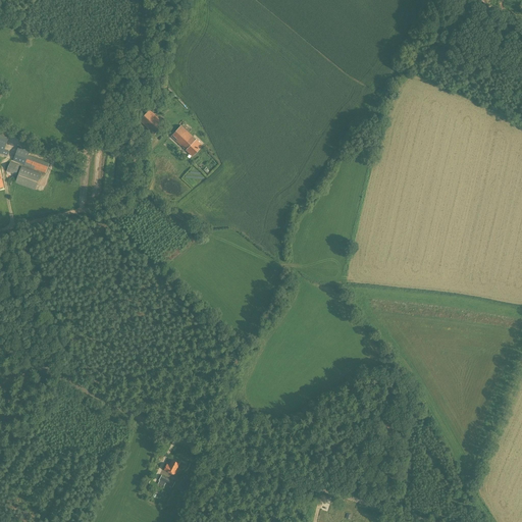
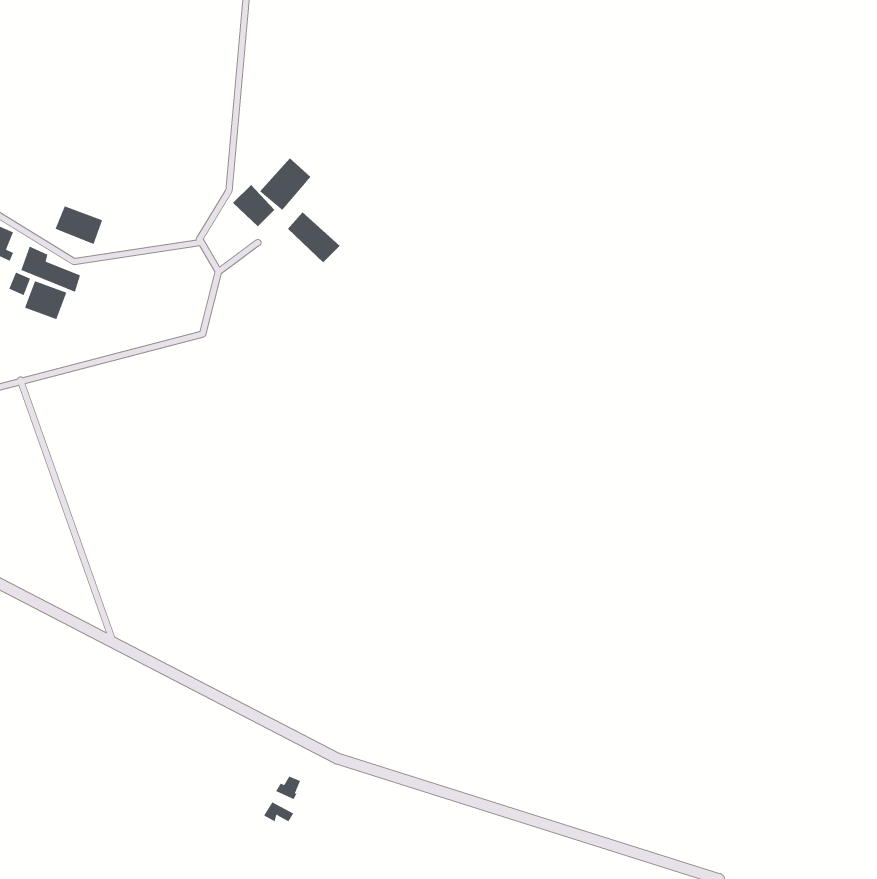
building: none -> [259,158,311,211]
building: none -> [55,206,103,245]

